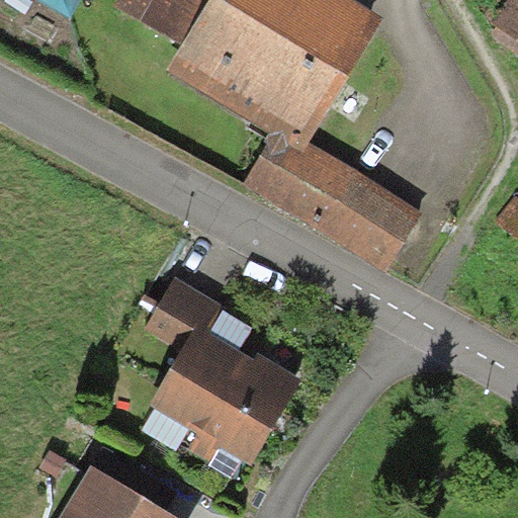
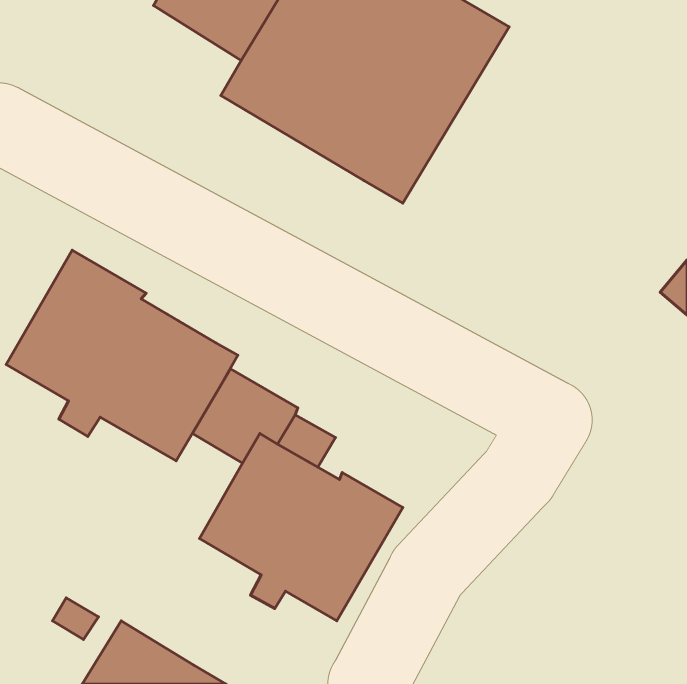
building: [243,136,421,270] -> none
building: none -> [6,250,238,461]

